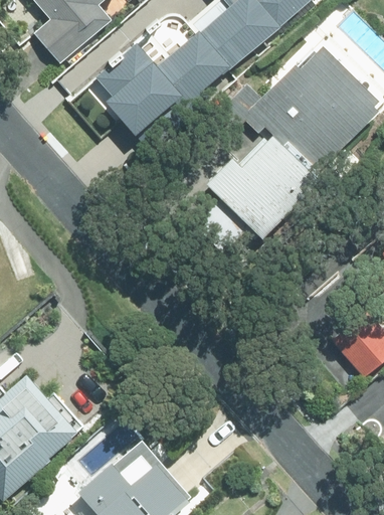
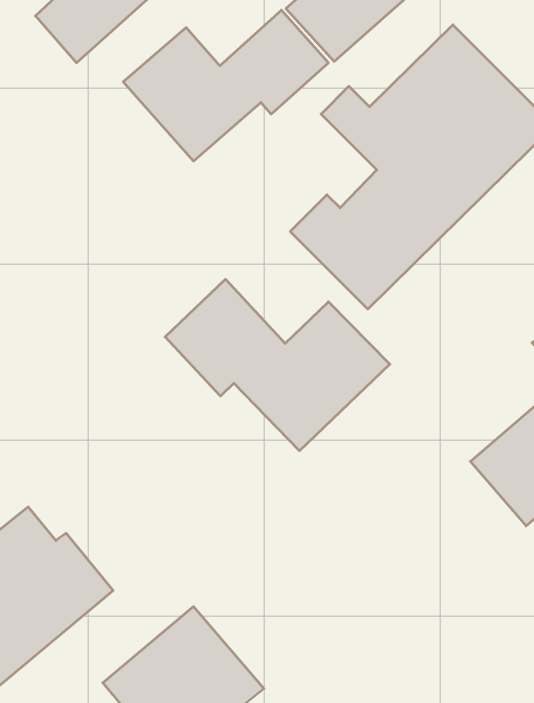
building: none -> [165,279,390,451]

